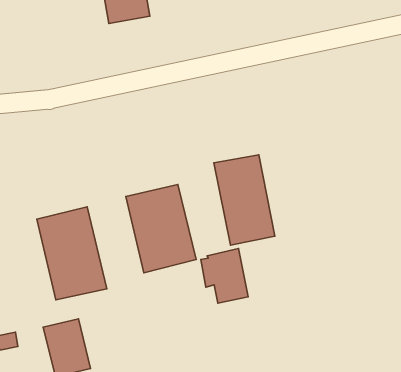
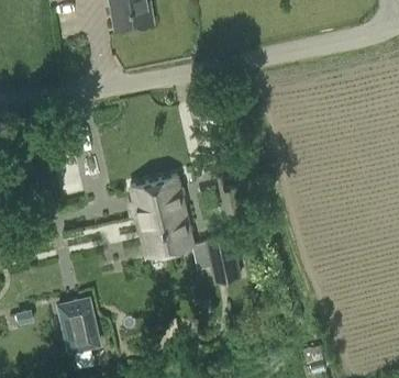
building: [214,155,275,245] -> none
building: [37,207,107,300] -> none

